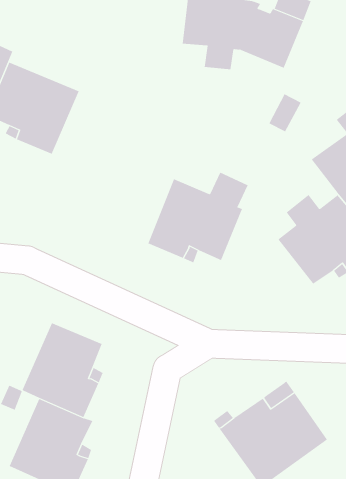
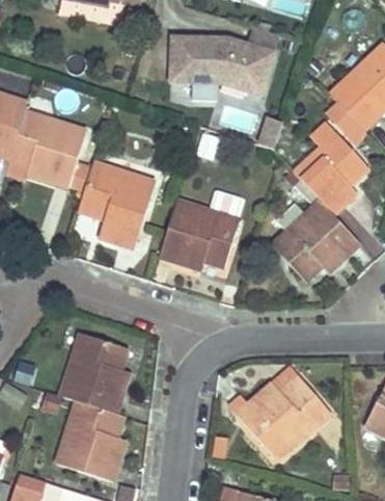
building: none -> [79,163,155,248]

